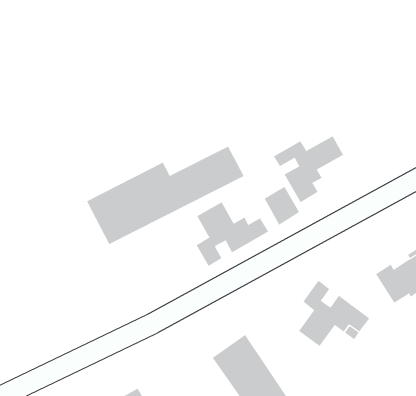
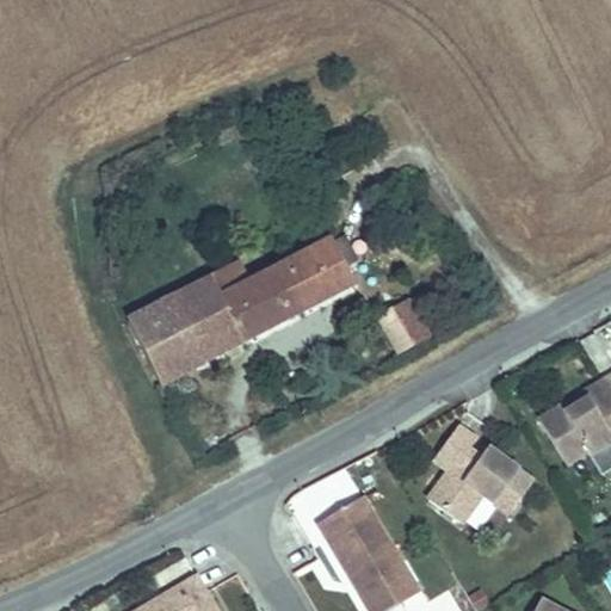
building: [273,135,344,203] -> none
building: [196,201,269,267] -> none

